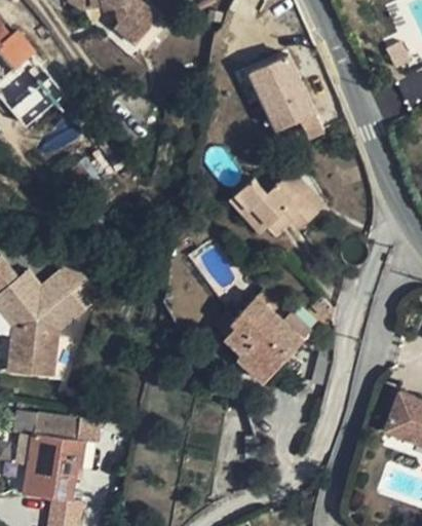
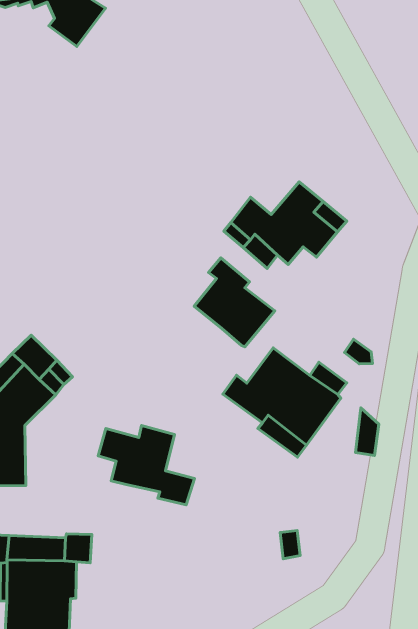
building: [245,57,323,142] -> none
building: none -> [194,258,275,347]
building: none -> [98,425,195,505]

